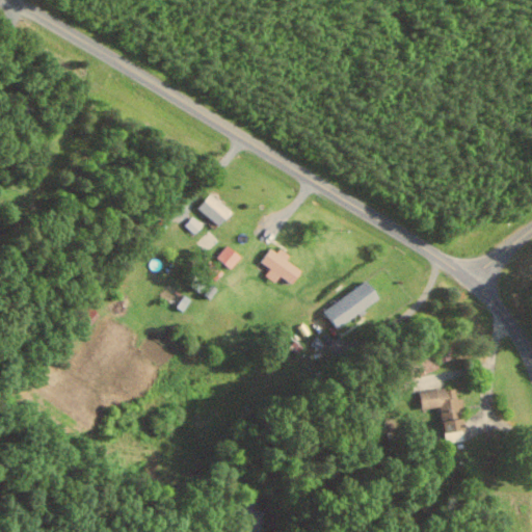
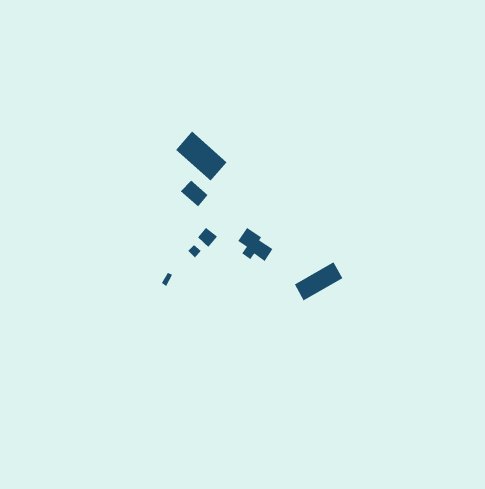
building: none -> [175,131,227,181]
building: [420,389,463,443] -> none

